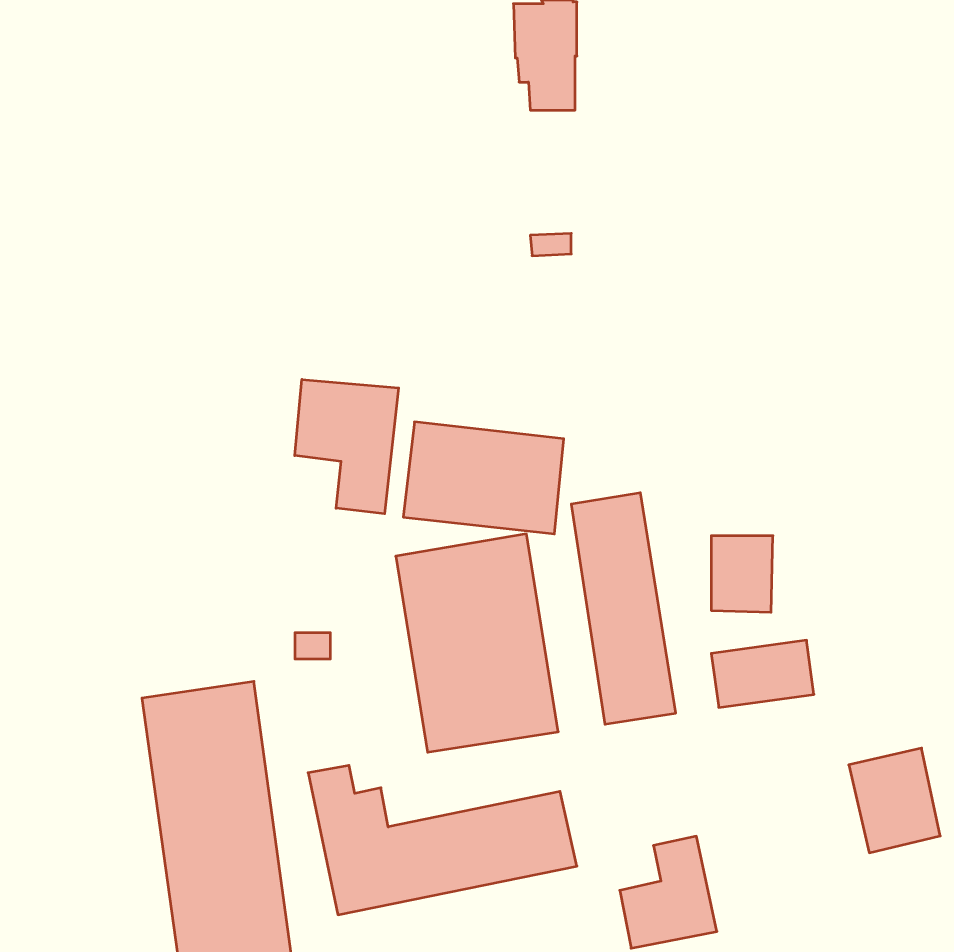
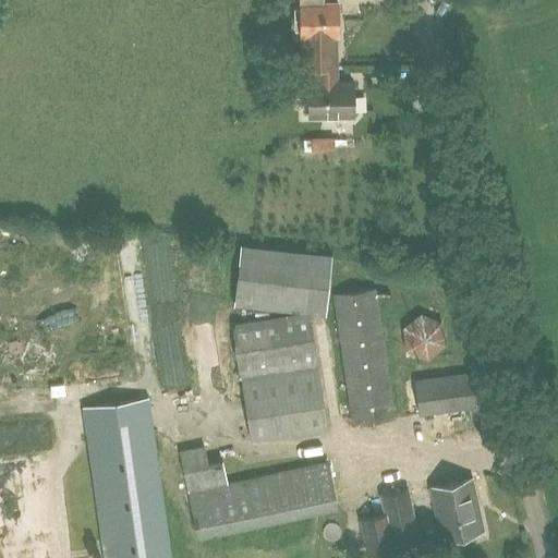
building: none -> [303,65,353,117]
building: [295,379,399,514] -> none
building: [849,748,940,853] -> [429,478,483,539]

